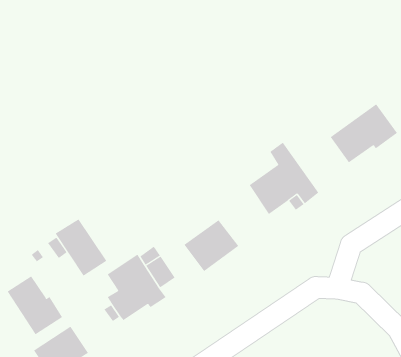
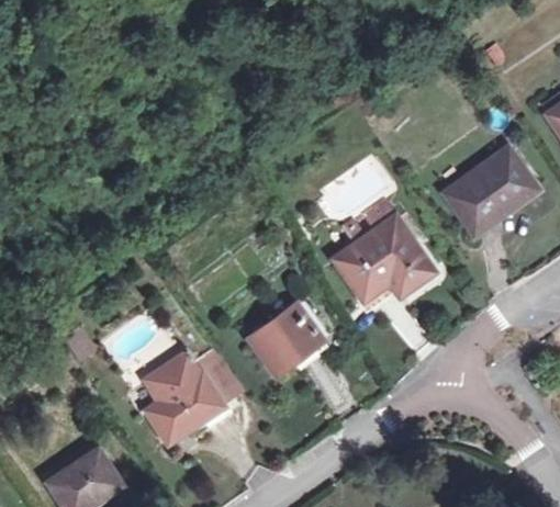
building: [55,219,107,276] -> none
building: [7,275,63,335] -> none

